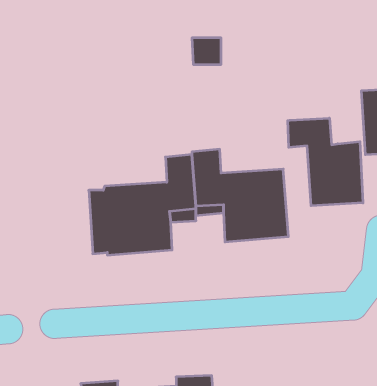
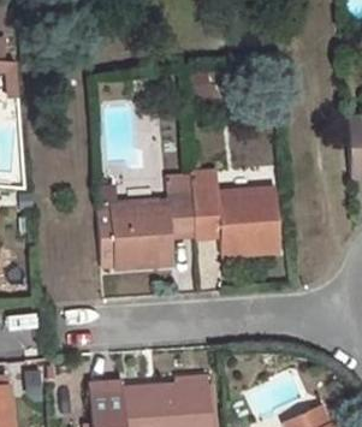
building: [288,118,363,206] -> none

